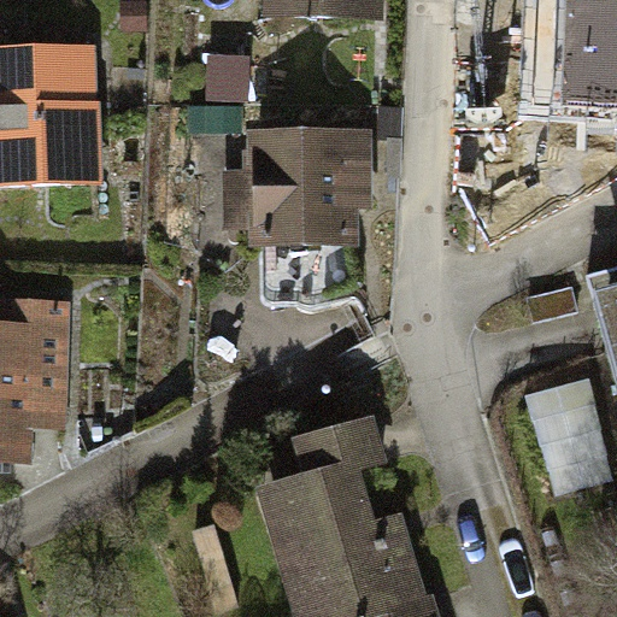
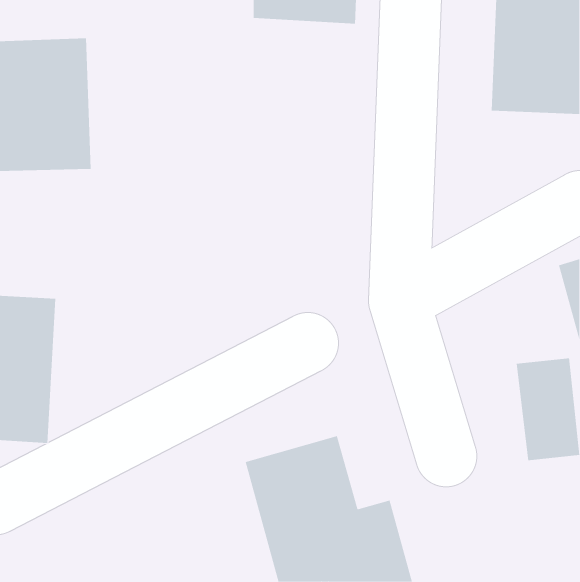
building: [236,123,375,252] -> none

